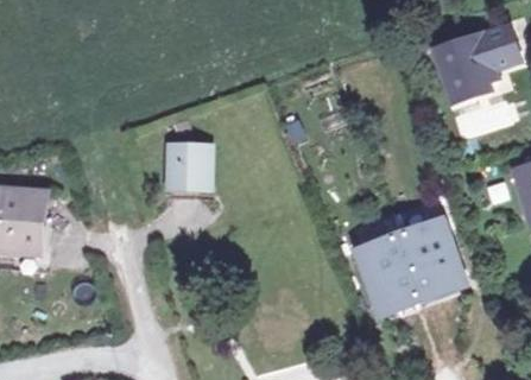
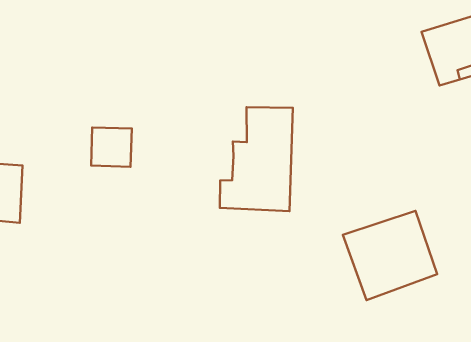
building: none -> [220,107,293,211]
building: [164,147,204,186] -> [91,127,132,167]

